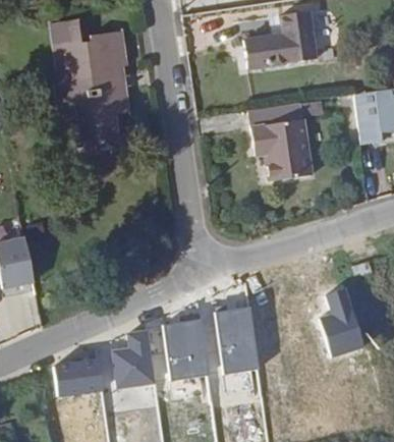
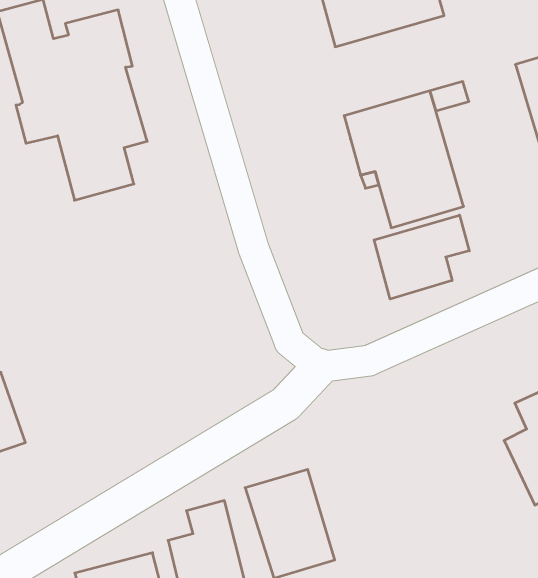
building: none -> [374,215,469,299]
building: [215,307,261,374] -> none

